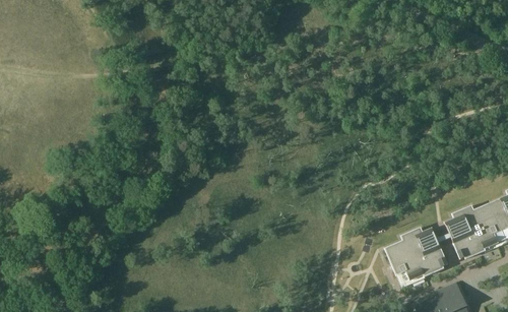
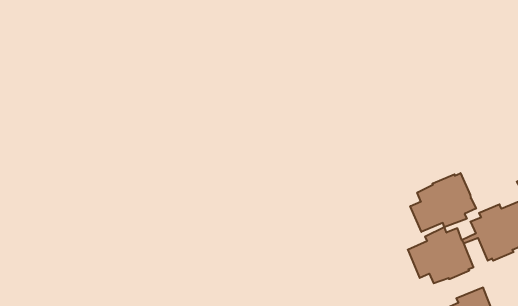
building: none -> [410,173,476,232]

